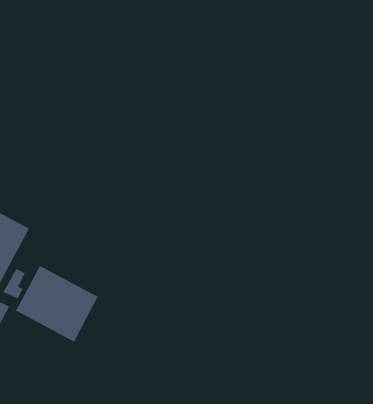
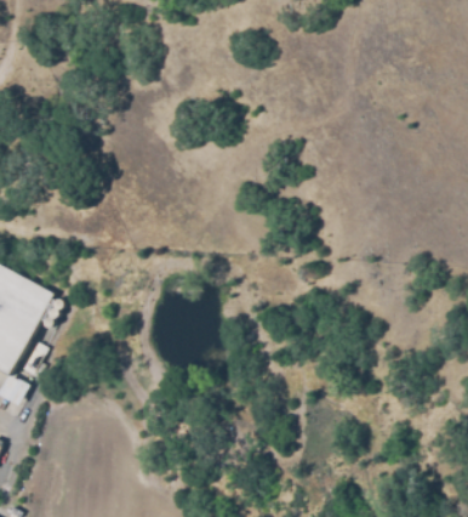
building: [15,265,99,342] -> none

